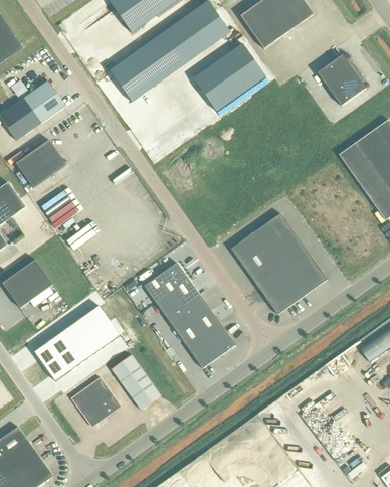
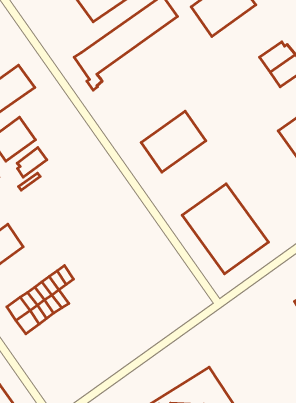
building: [193,43,265,112] -> [141,111,206,172]
building: none -> [17,148,47,177]
building: [144,263,235,368] -> none
building: [92,320,120,347] -> none
building: [111,354,160,410] -> none
building: [70,376,121,427] -> none

